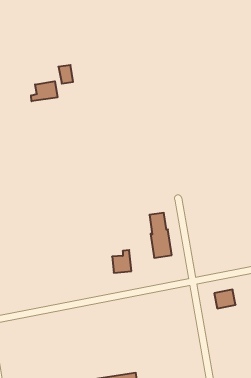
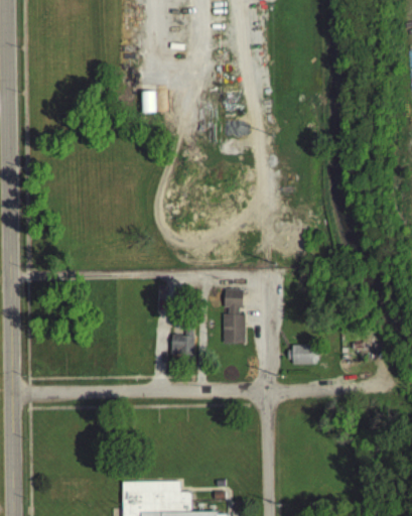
building: [31,81,57,101] -> none
building: [214,290,236,308] -> [292,346,316,366]

